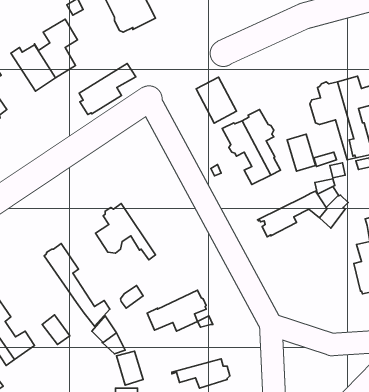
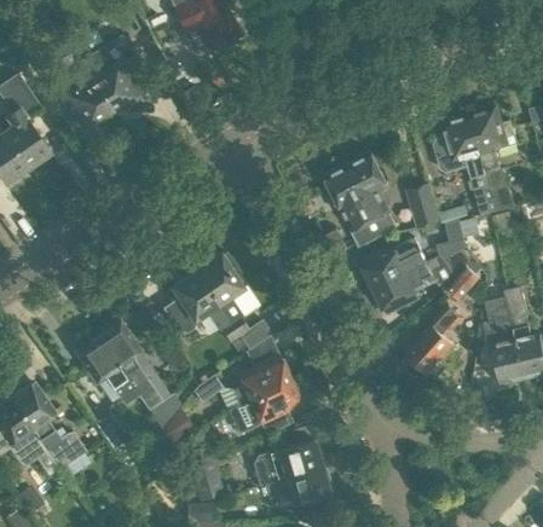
building: [79,63,136,115] -> none
building: [196,77,237,123] -> none
building: none -> [358,245,427,291]
building: none -> [195,251,271,349]
building: none -> [405,305,460,377]
building: none -> [76,337,138,405]
building: none -> [233,355,291,405]
building: none -> [253,439,322,485]

